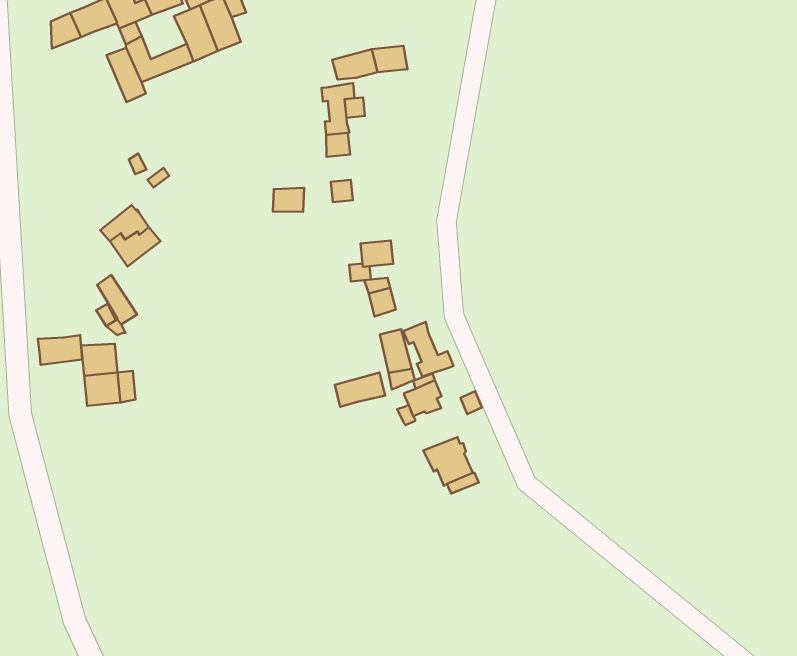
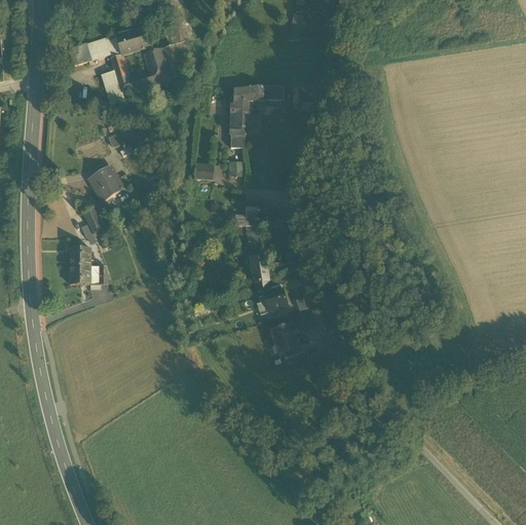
building: [403,322,454,377] -> none
building: [38,335,82,365] -> none
building: [335,372,385,407] -> none

